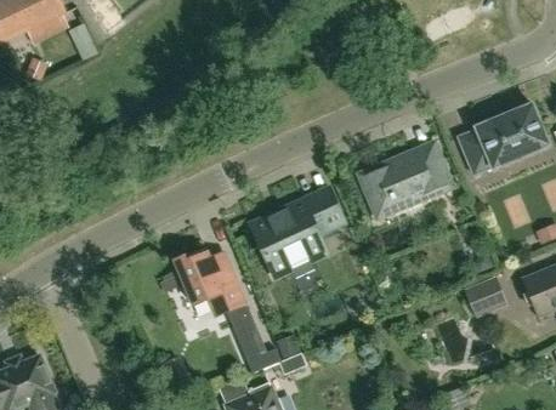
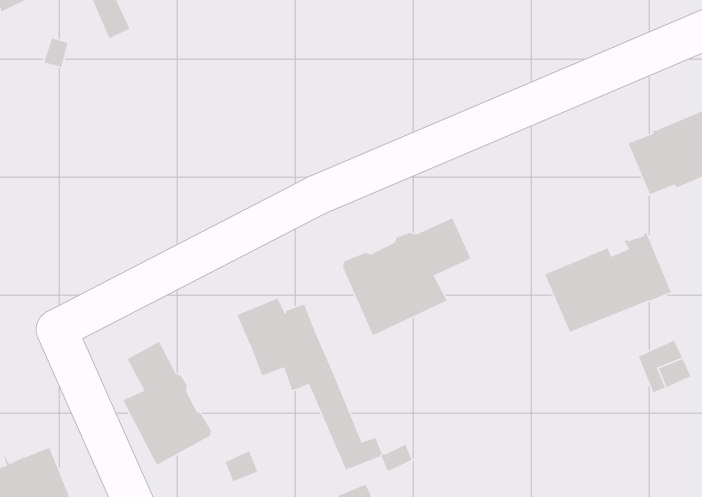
building: [359,142,452,215] -> [544,232,672,333]
building: none -> [122,341,212,466]

